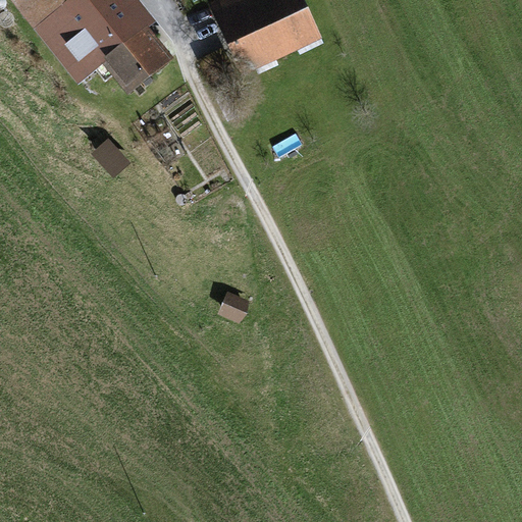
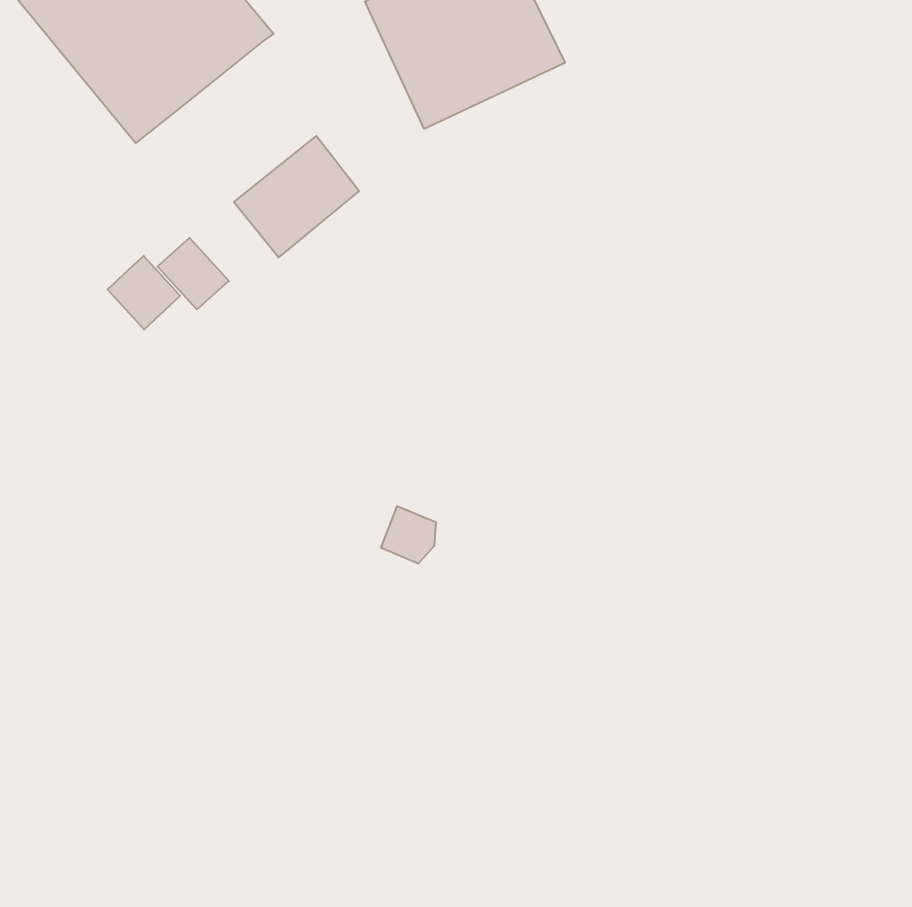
building: [102,24,173,94] -> [234,136,359,257]
building: none -> [108,256,180,330]

